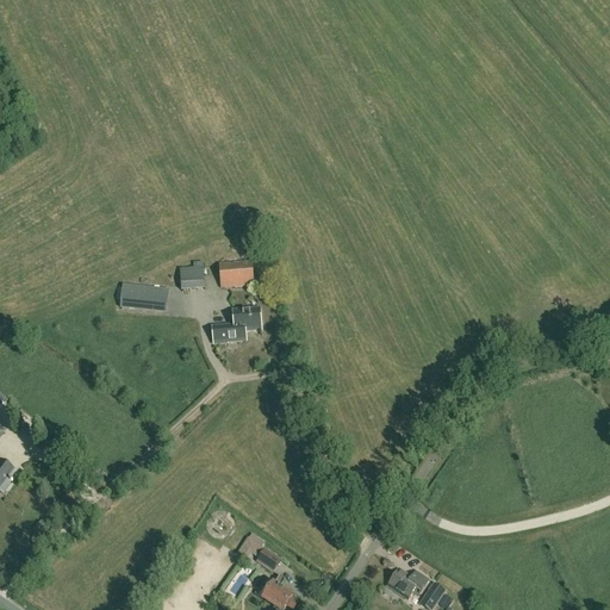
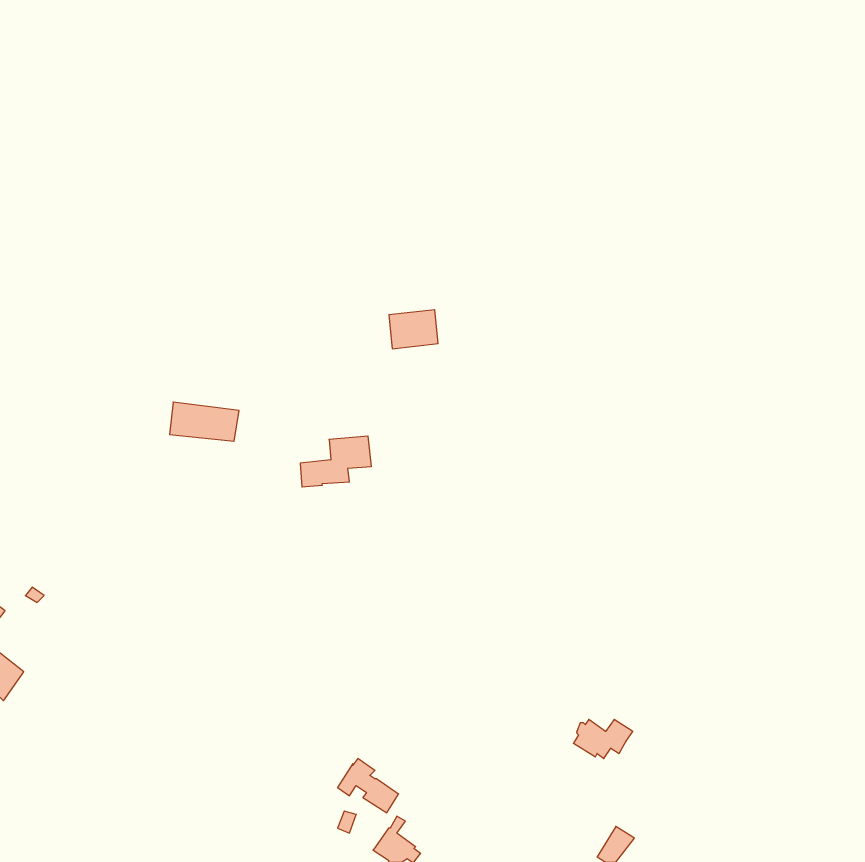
building: [218,259,253,286] -> [389,310,438,349]
building: [179,264,204,288] -> none
building: [386,567,428,595] -> [573,719,633,759]

